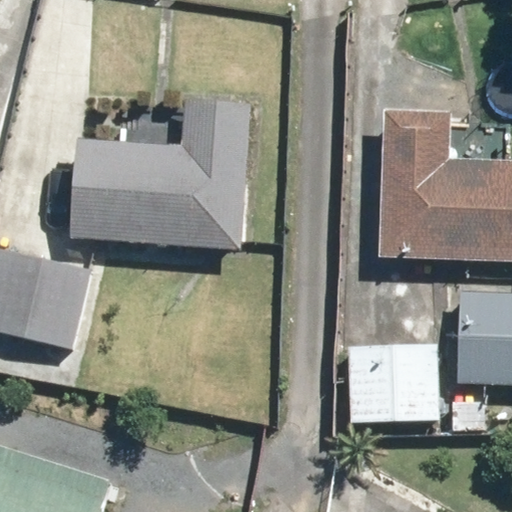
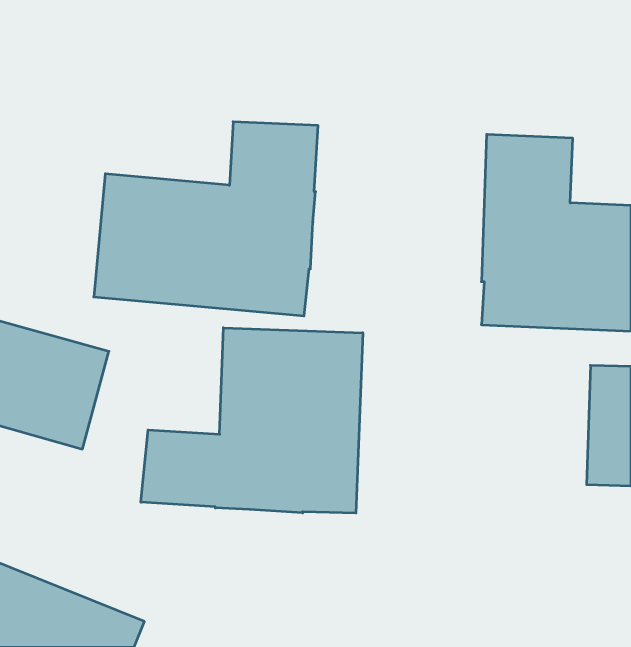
building: none -> [141,328,363,513]
building: [347,347,429,419] -> none

